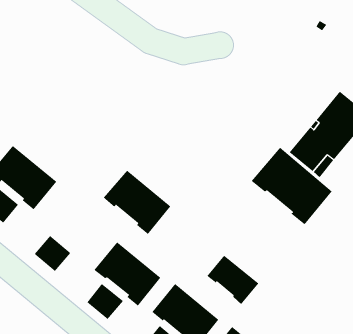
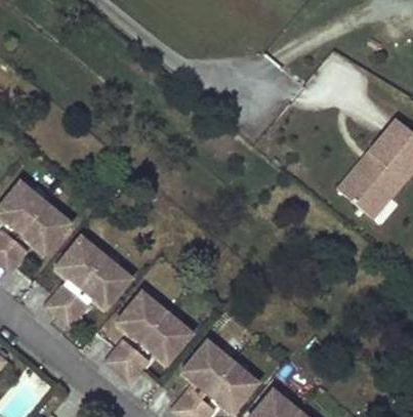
building: [251,147,333,225] -> none
building: [103,170,171,235] -> [53,236,132,310]
building: [206,255,259,305] -> none

